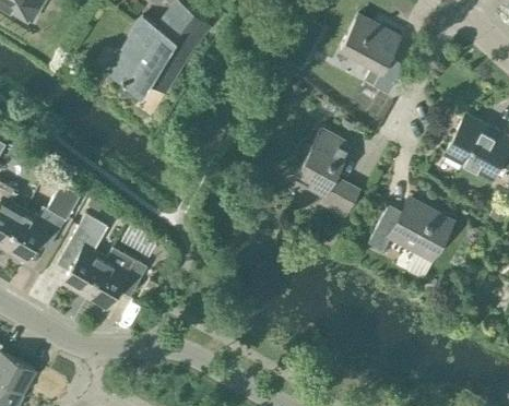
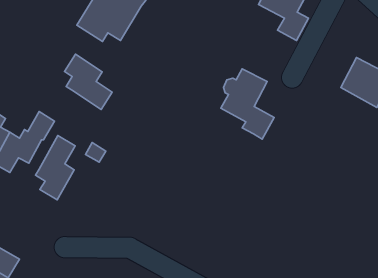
building: none -> [64,54,112,110]
building: [368,200,450,279] -> none
building: [84,253,146,309] -> none

